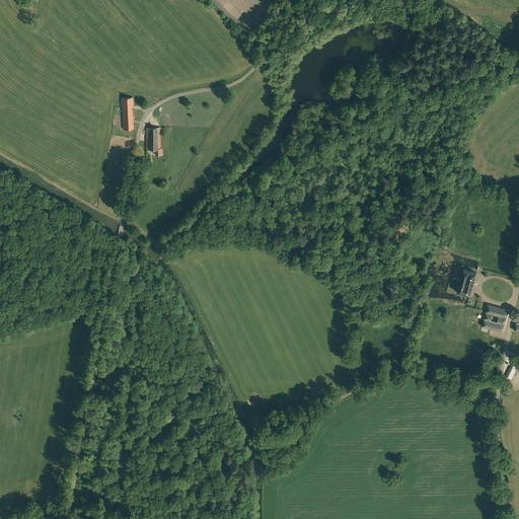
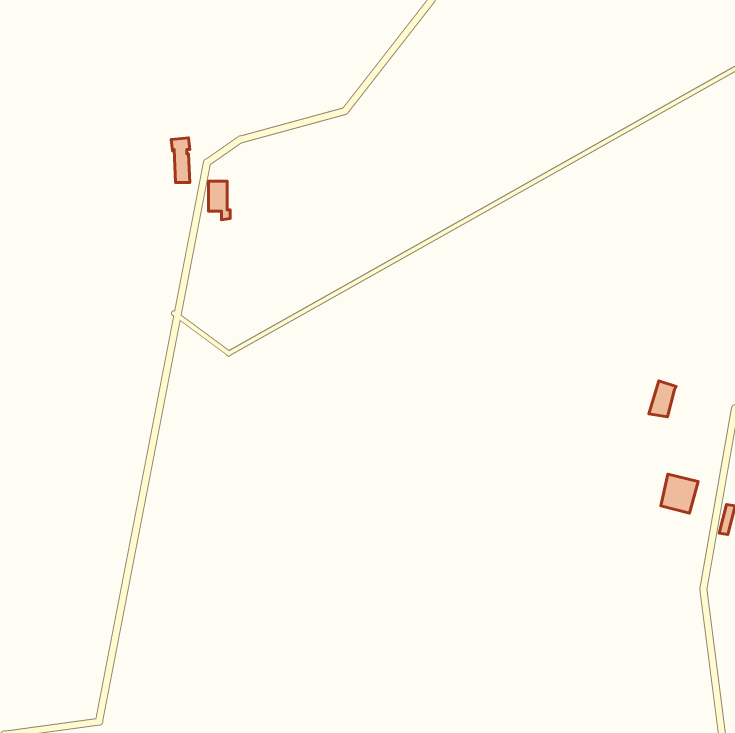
building: [483,305,509,332] -> [661,474,698,513]

